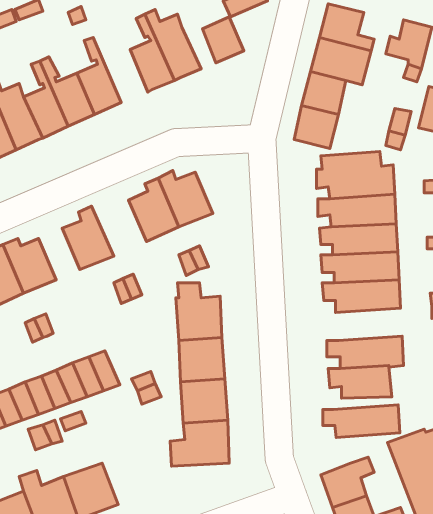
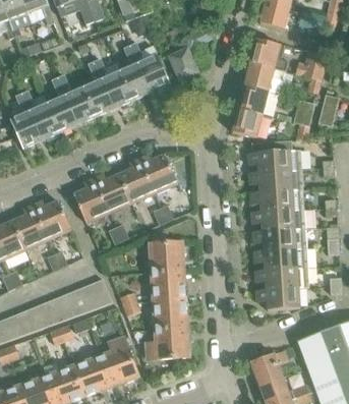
building: none -> [94,60,131,108]
building: none -> [93,175,130,214]
building: [323,405,400,437] -> [253,249,306,272]
building: none -> [100,337,137,385]

